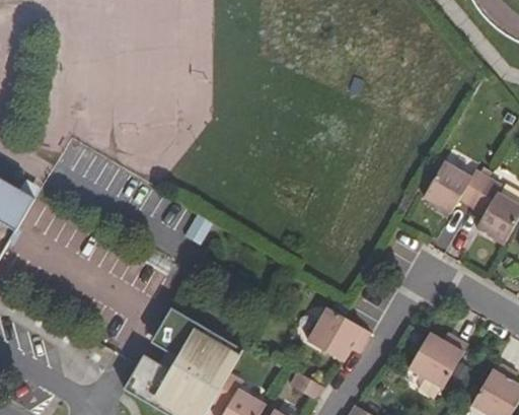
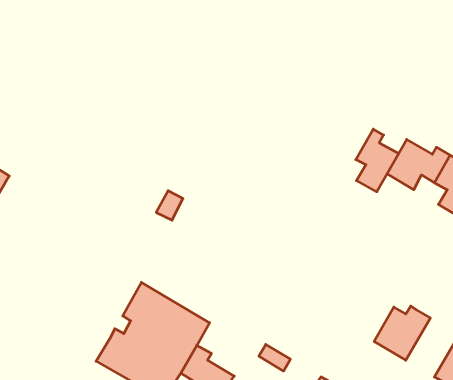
building: none -> [356,129,399,192]
building: [308,309,370,363] -> none

